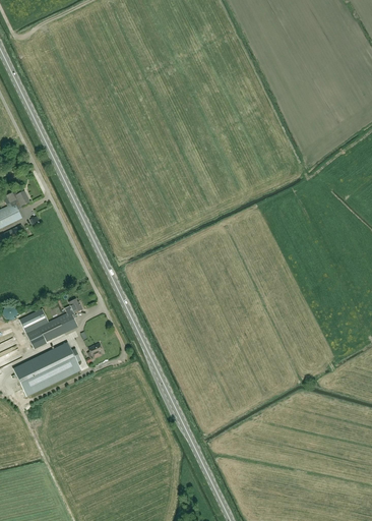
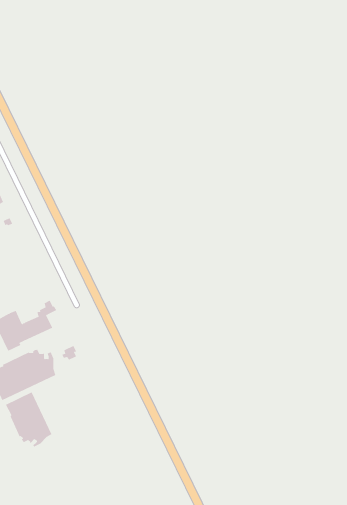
building: none -> [5,392,52,448]

